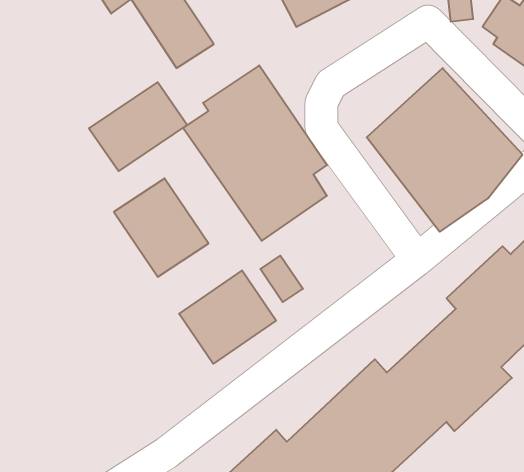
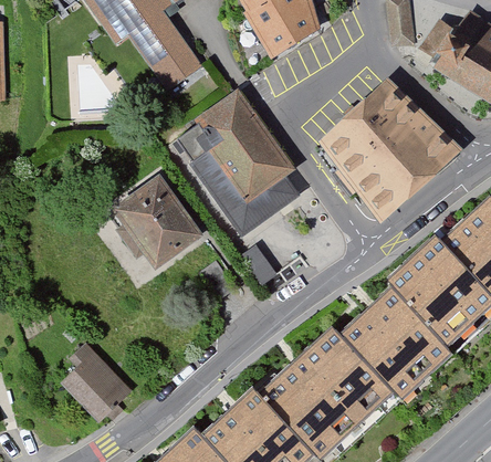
building: [89,82,187,171] -> none
building: [179,270,276,364] -> none
building: none -> [66,349,127,418]

